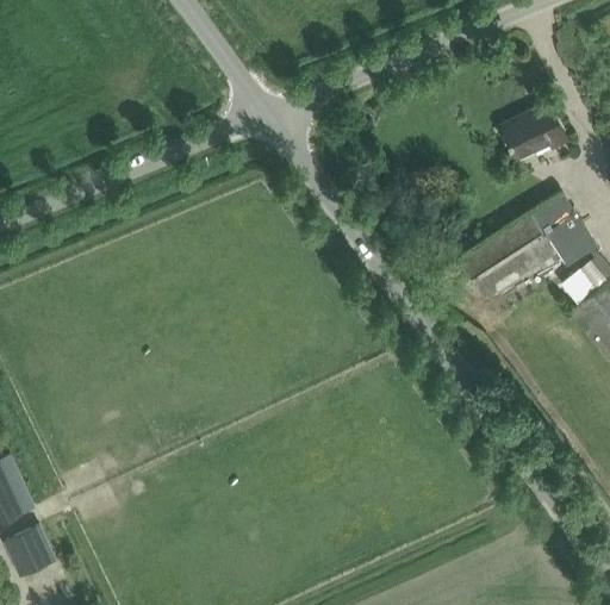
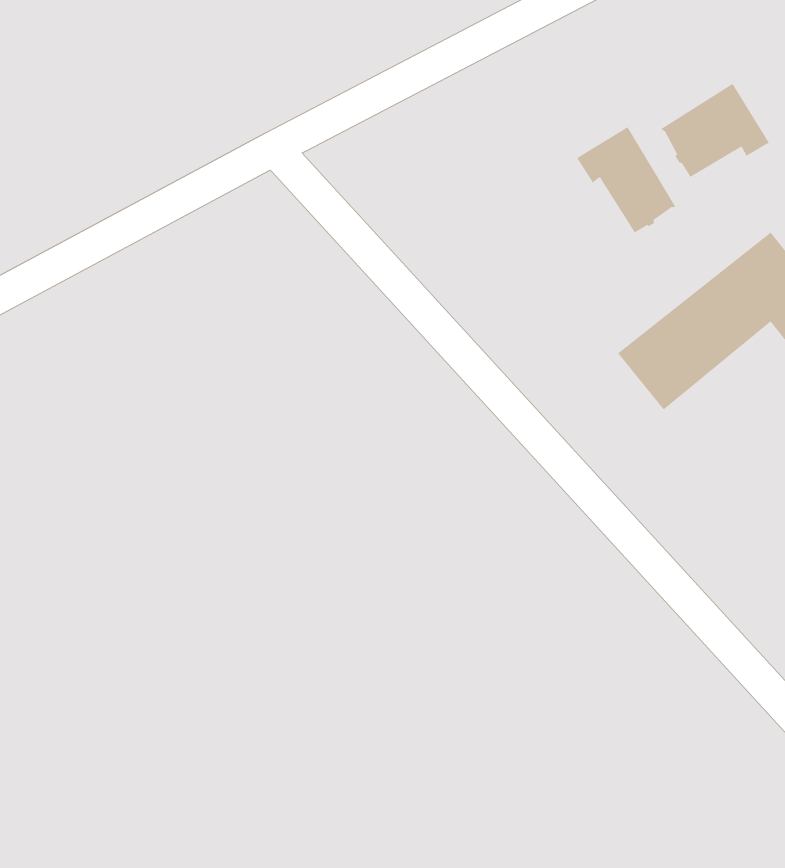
building: none -> [576,126,677,233]

